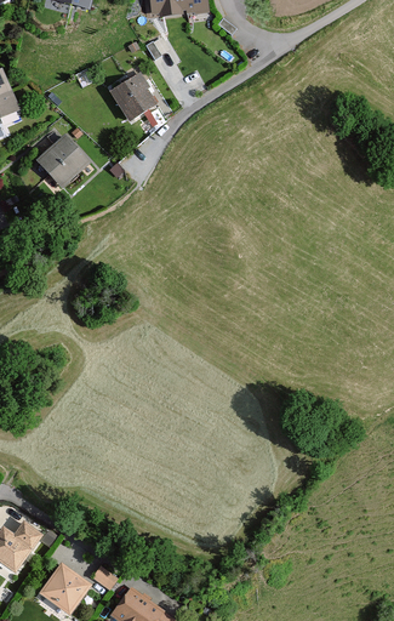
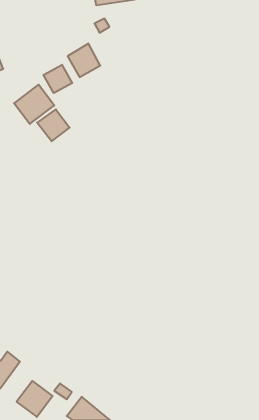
building: none -> [44,65,72,93]
building: none -> [37,109,70,141]

